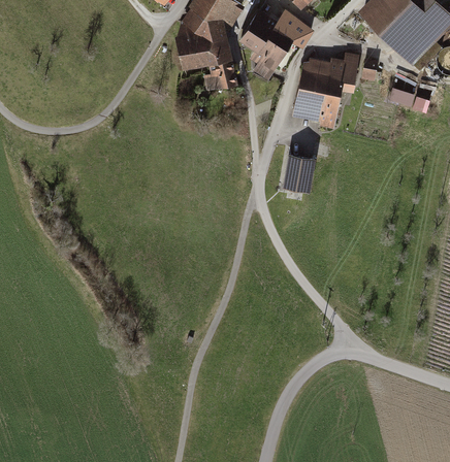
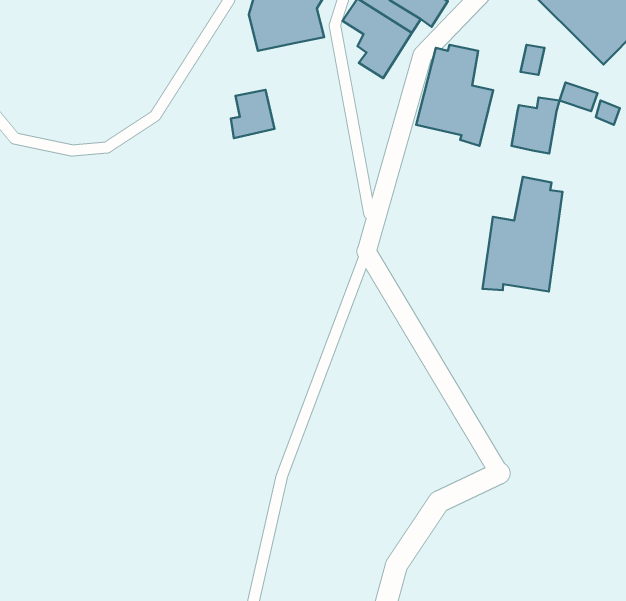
building: [203,54,233,87] -> [231,90,275,138]
building: [328,54,361,92] -> [511,98,560,153]
building: none -> [482,177,563,292]
building: [283,154,310,188] -> none

